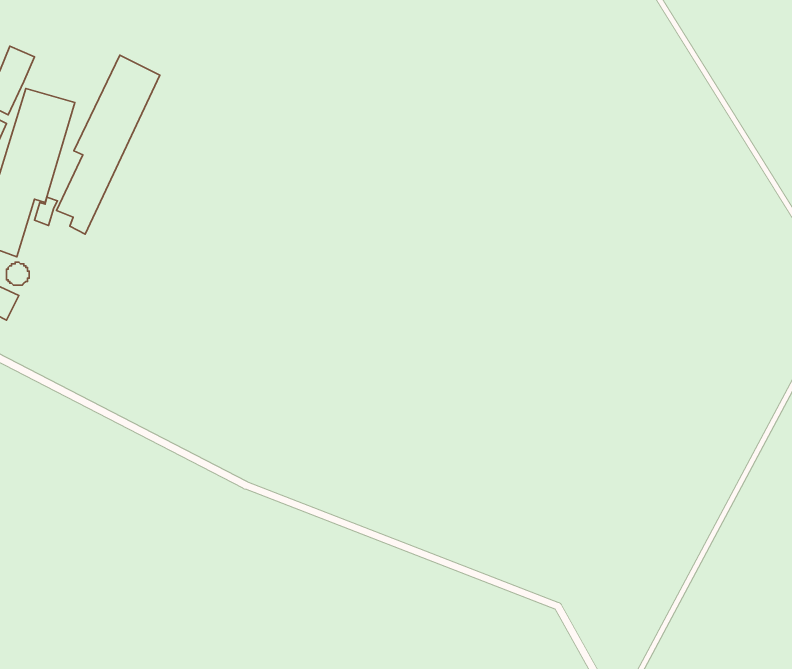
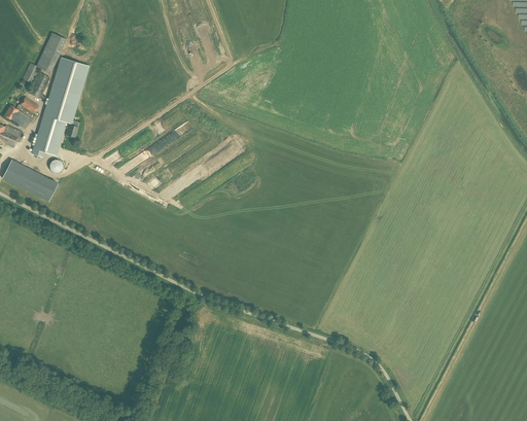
building: [56,55,160,234] -> none

